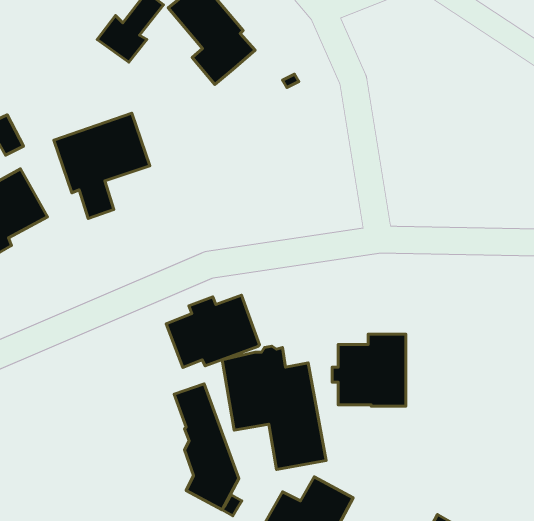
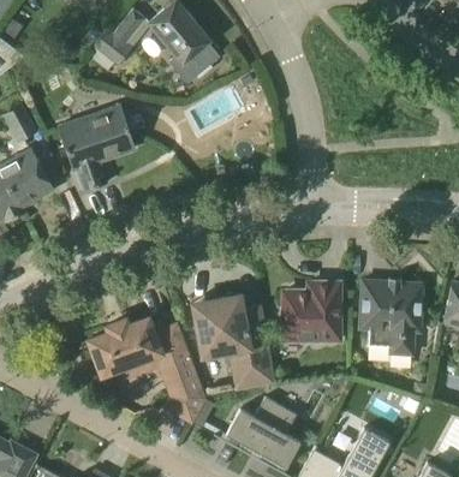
building: [166,295,259,367] -> [89,317,163,375]
building: none -> [359,278,422,353]

